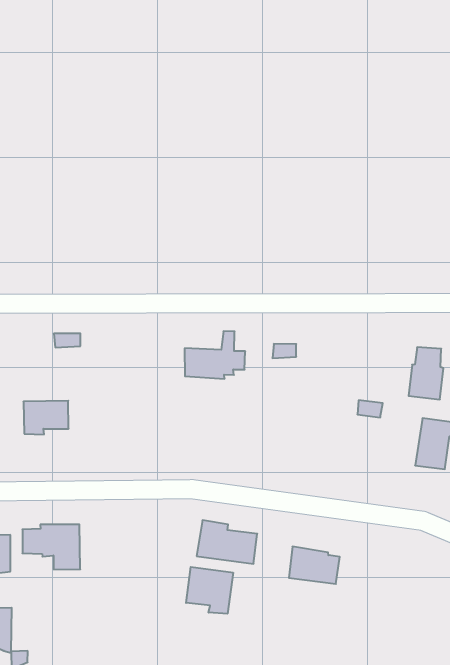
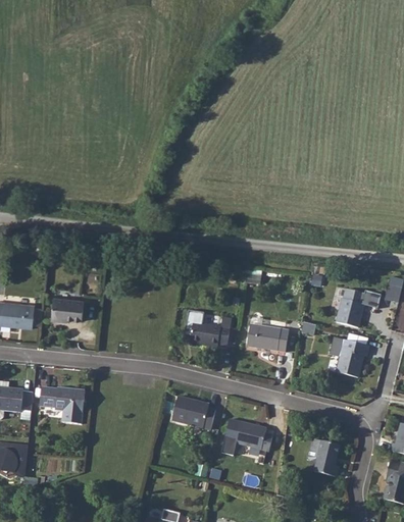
building: [185,331,245,379] -> [188,313,234,348]
building: none -> [244,324,286,352]
building: none -> [313,441,338,479]
building: [186,567,233,614] -> none

